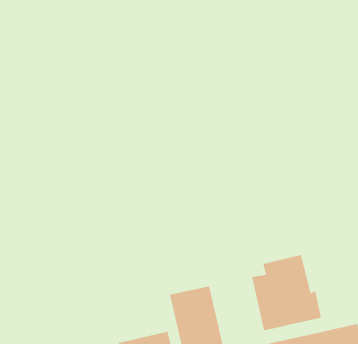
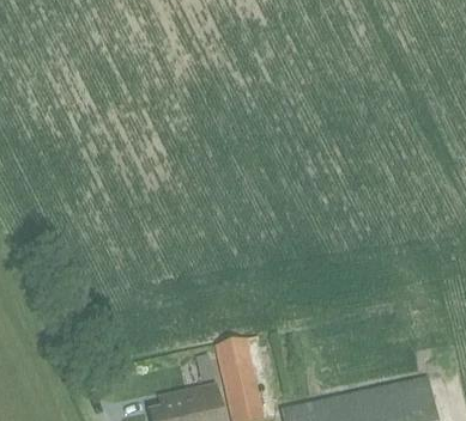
building: [251,254,322,331] -> none

